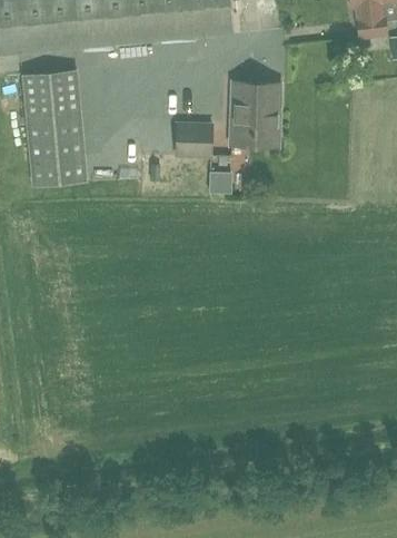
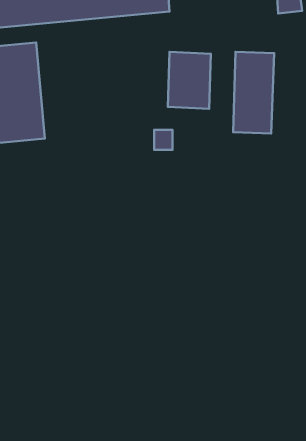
building: none -> [233,52,274,134]
building: [173,120,212,157] -> none

